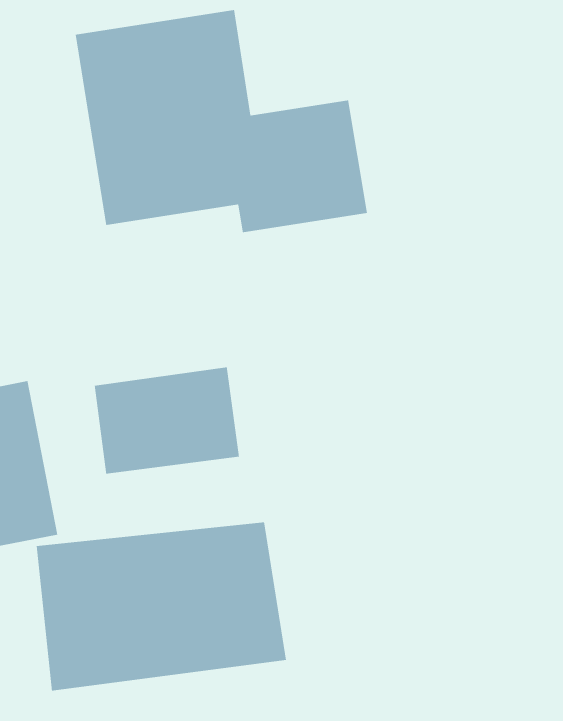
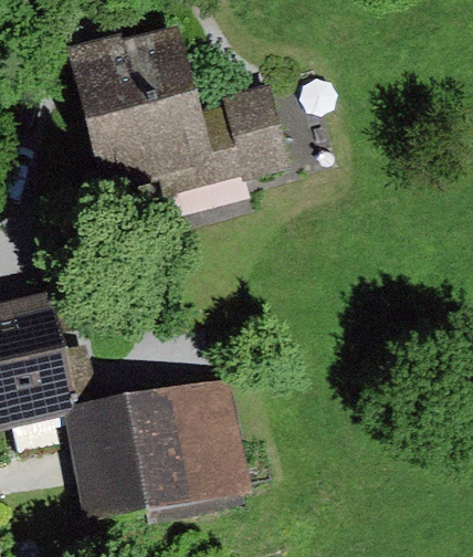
building: [94,367,239,475] -> none

